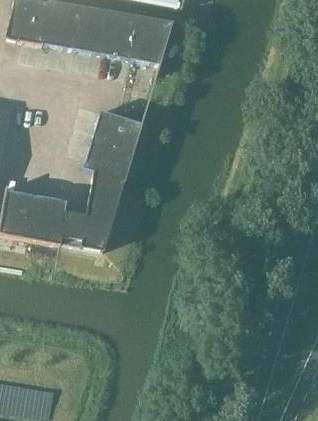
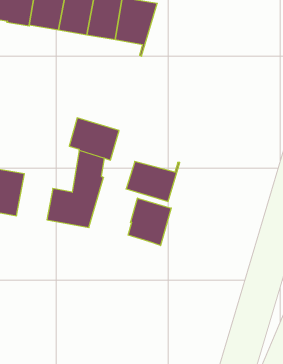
building: [92,109,147,150] -> [126,161,180,202]
building: [30,194,67,242] -> none
building: none -> [128,198,171,246]

